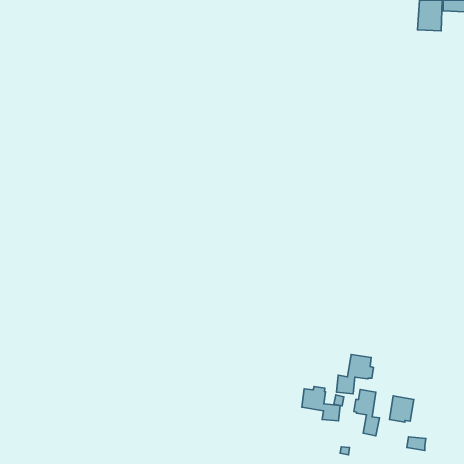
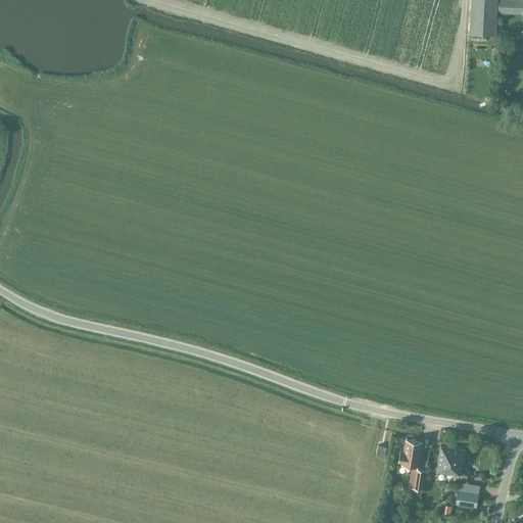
building: [337,355,373,394] -> none
building: [302,387,340,421] -> none

